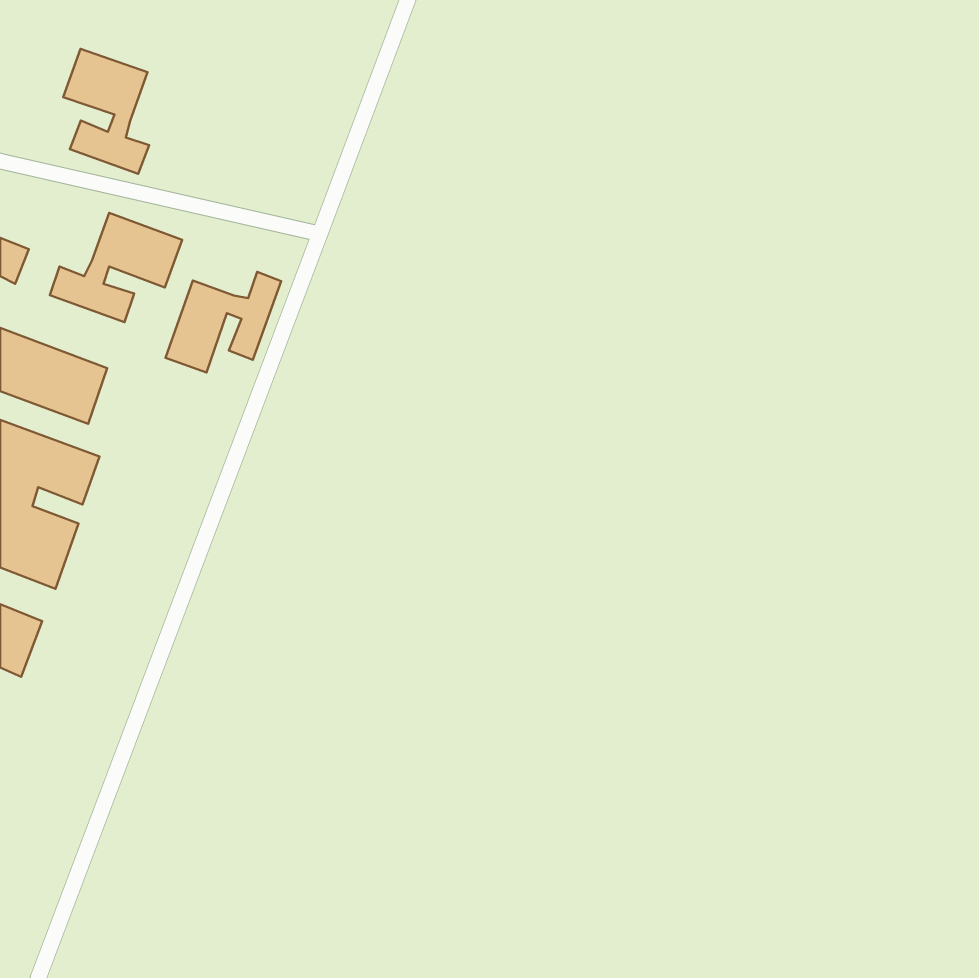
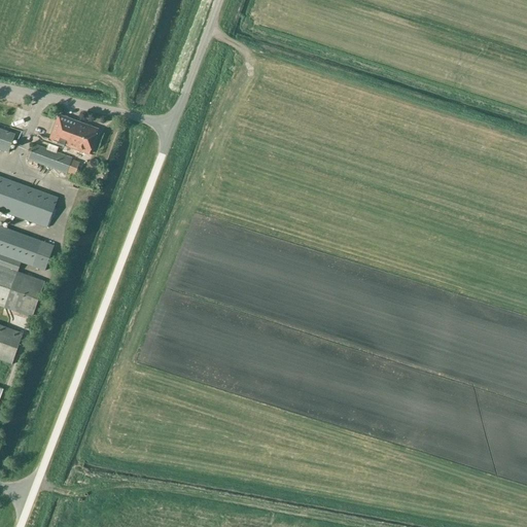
building: [63,49,149,174] -> none
building: [166,272,281,372] -> none

